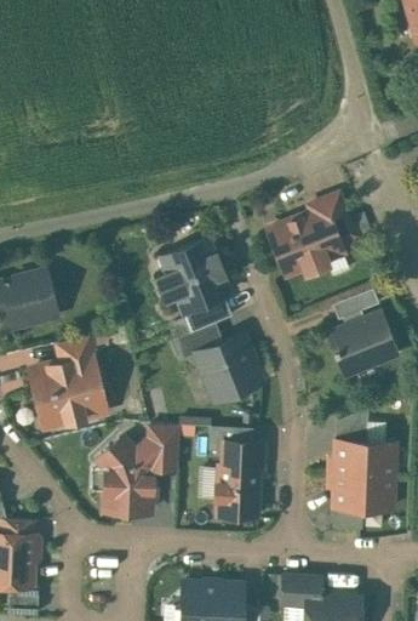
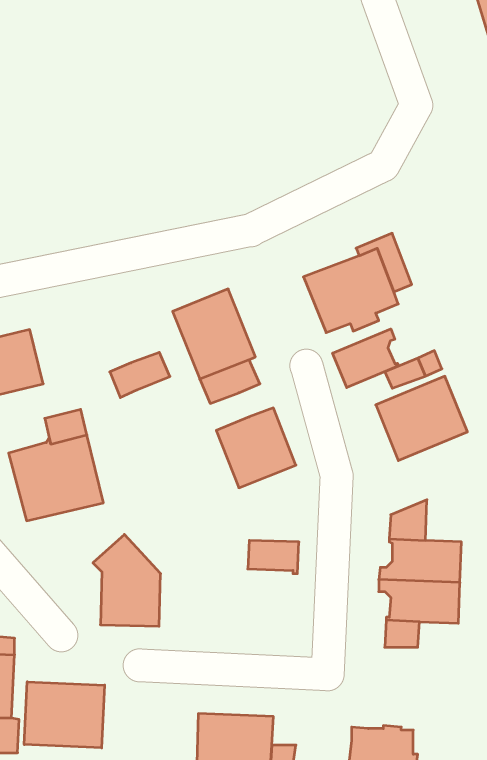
building: none -> [333,329,398,388]
building: [174,324,223,360] -> [110,352,170,398]
building: [136,425,179,469] -> none
building: [214,466,258,517] -> none
building: none -> [24,682,105,748]
building: [281,575,320,604] -> none

